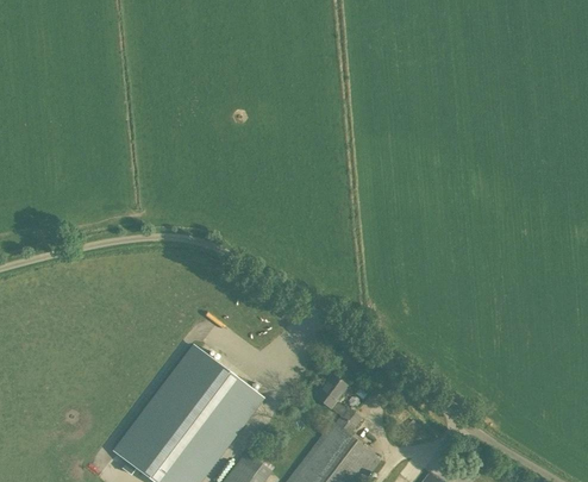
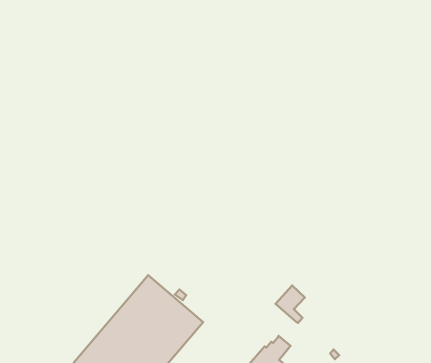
building: [315,373,349,415] -> [276,285,305,323]

